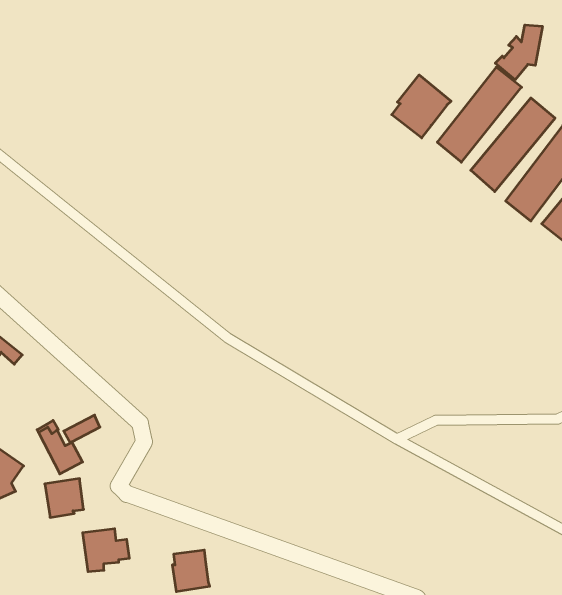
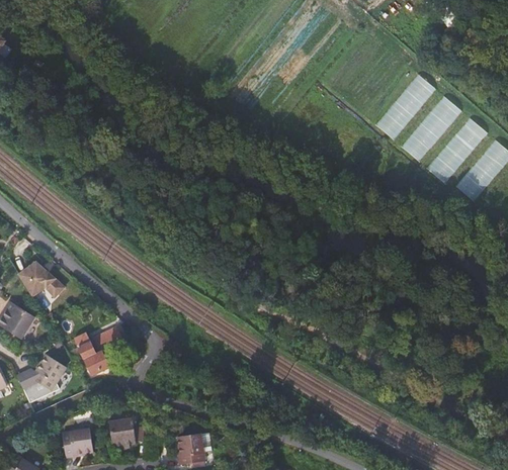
building: [495,25,542,80] -> none
building: [392,75,451,138] -> none
building: [45,479,84,517] -> [62,428,91,457]

